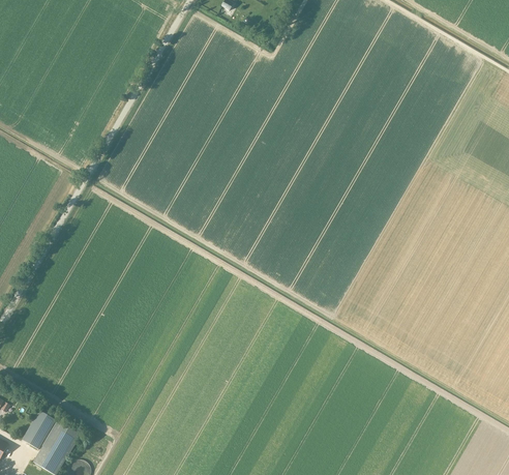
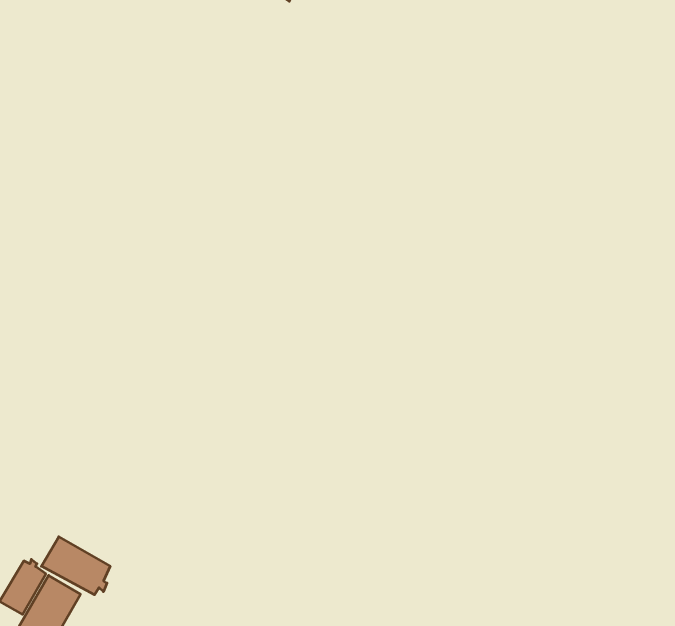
building: none -> [41,537,110,595]

